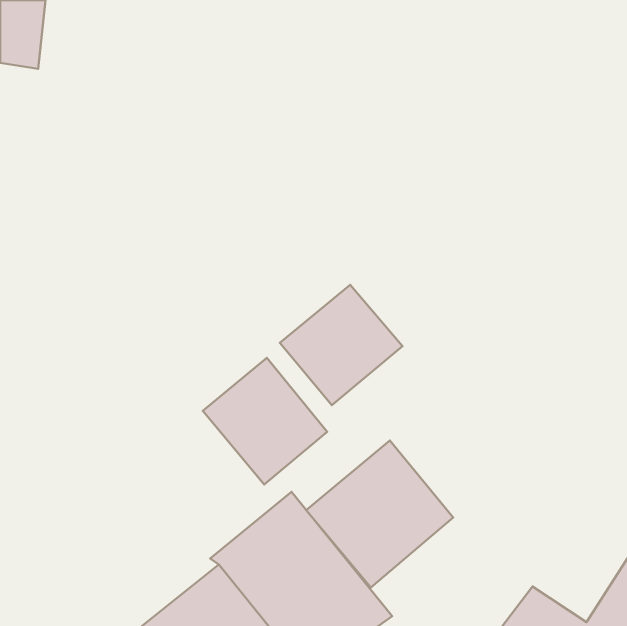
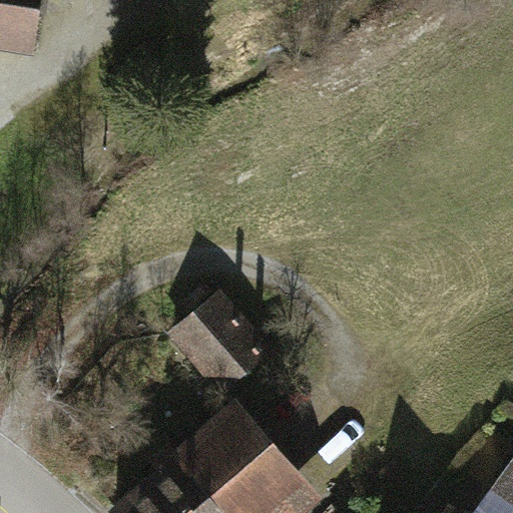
building: [280,285,402,405] -> none
building: [306,441,453,587] -> none

